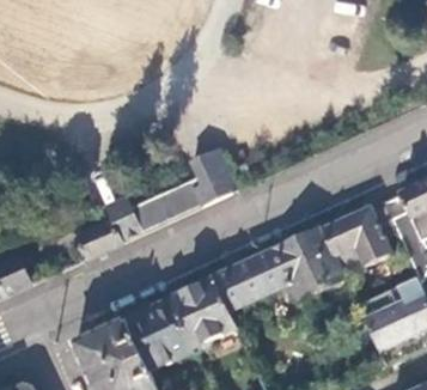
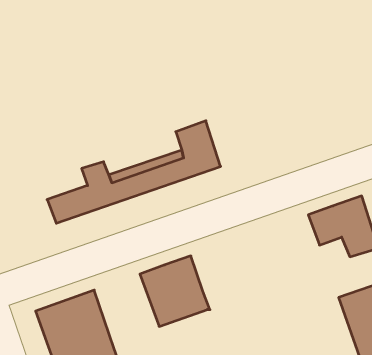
building: [214,228,346,310] -> none
building: [126,299,193,372] -> none

